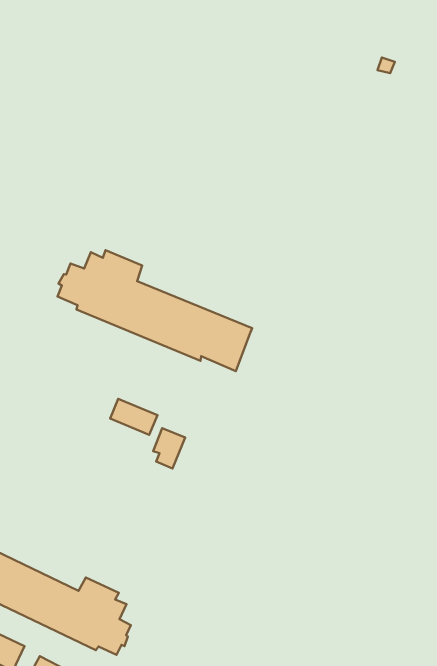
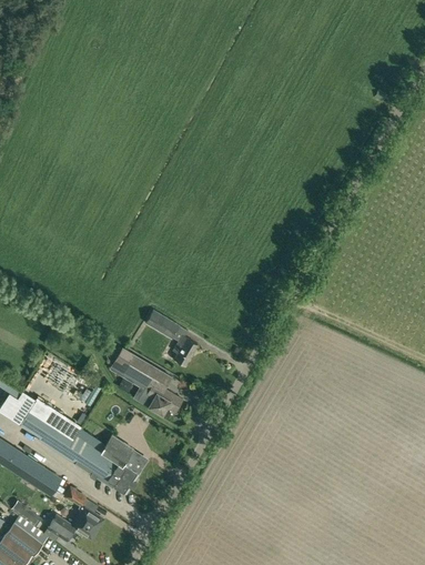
building: [57,250,252,371] -> none
building: none -> [115,347,183,413]

